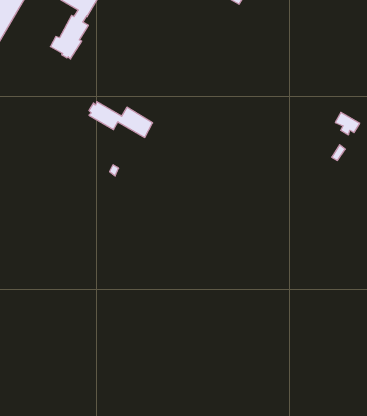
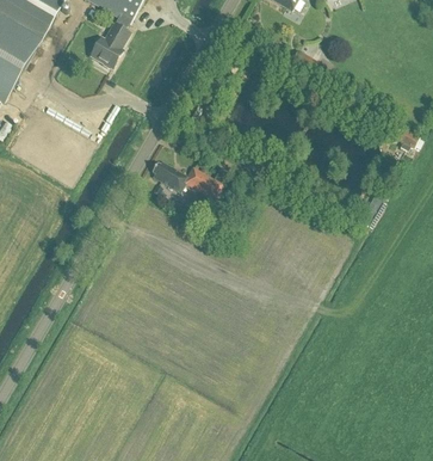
building: [89,102,153,137] -> [153,160,221,198]

